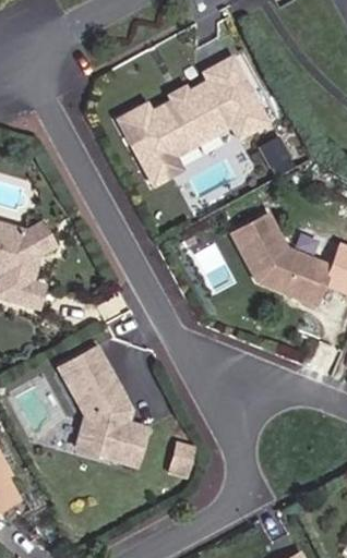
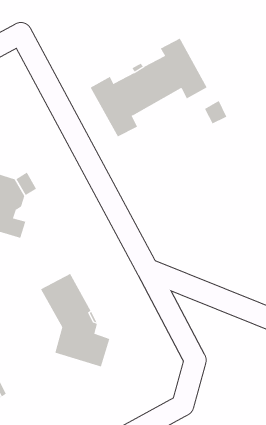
building: [230,211,331,303] -> none

